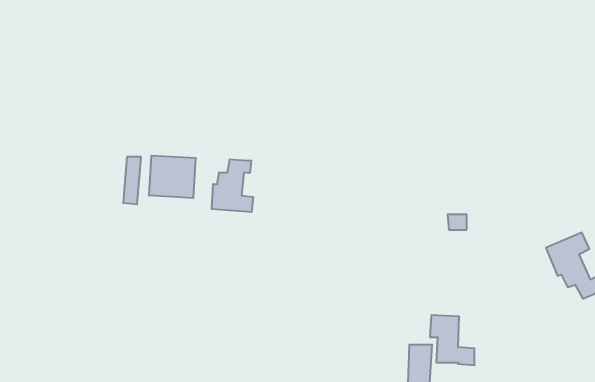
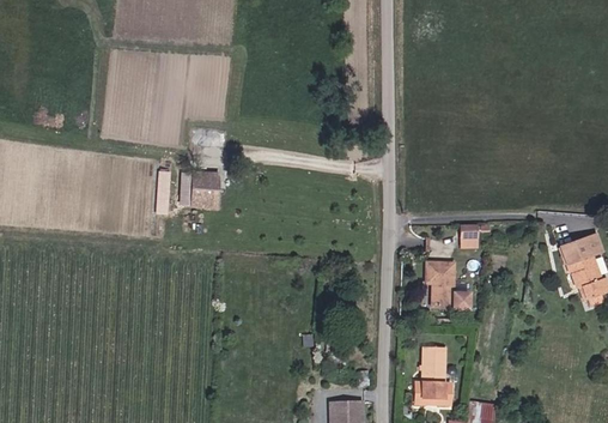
building: [212,159,253,212] -> none
building: [430,315,475,365] -> [425,264,467,310]

